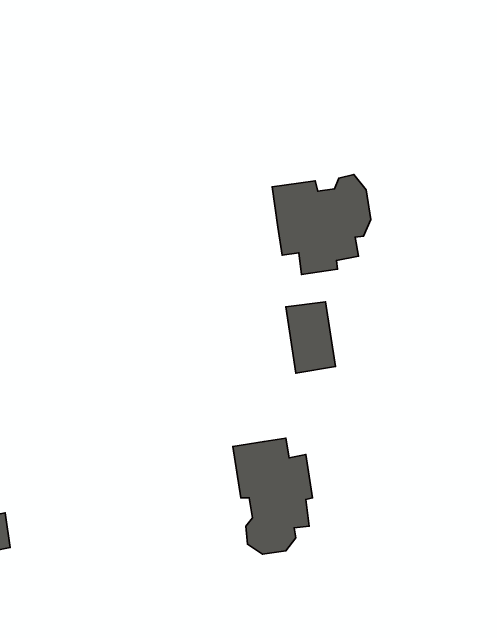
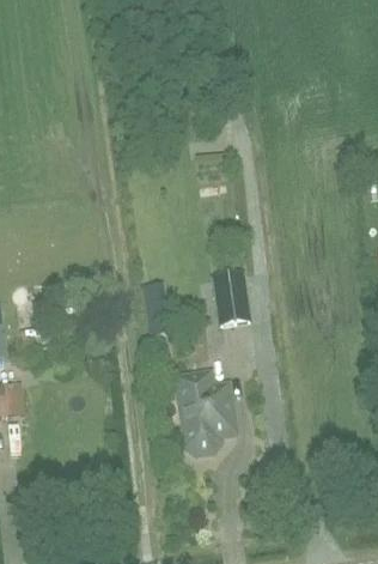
building: [272,174,371,274] -> none

